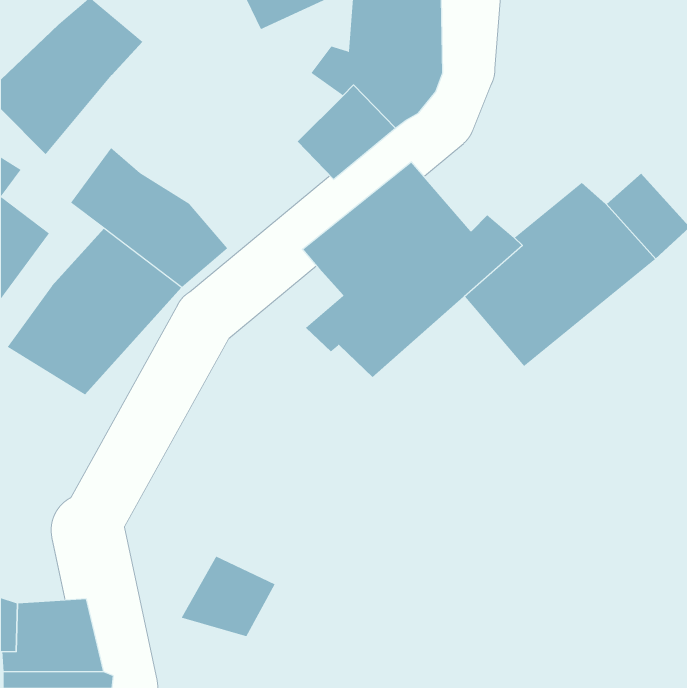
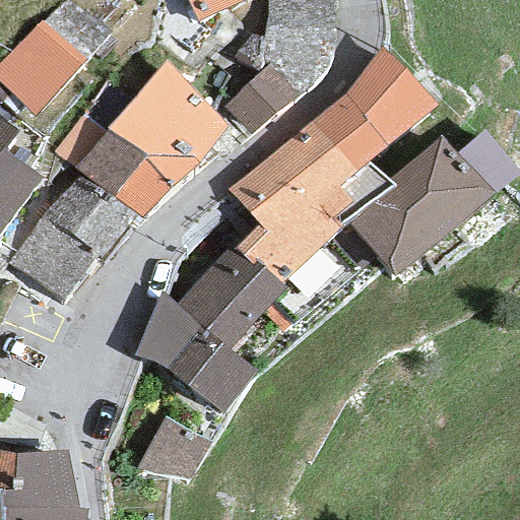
building: none -> [312,48,438,174]
building: none -> [108,59,229,187]
building: none -> [135,247,285,411]

